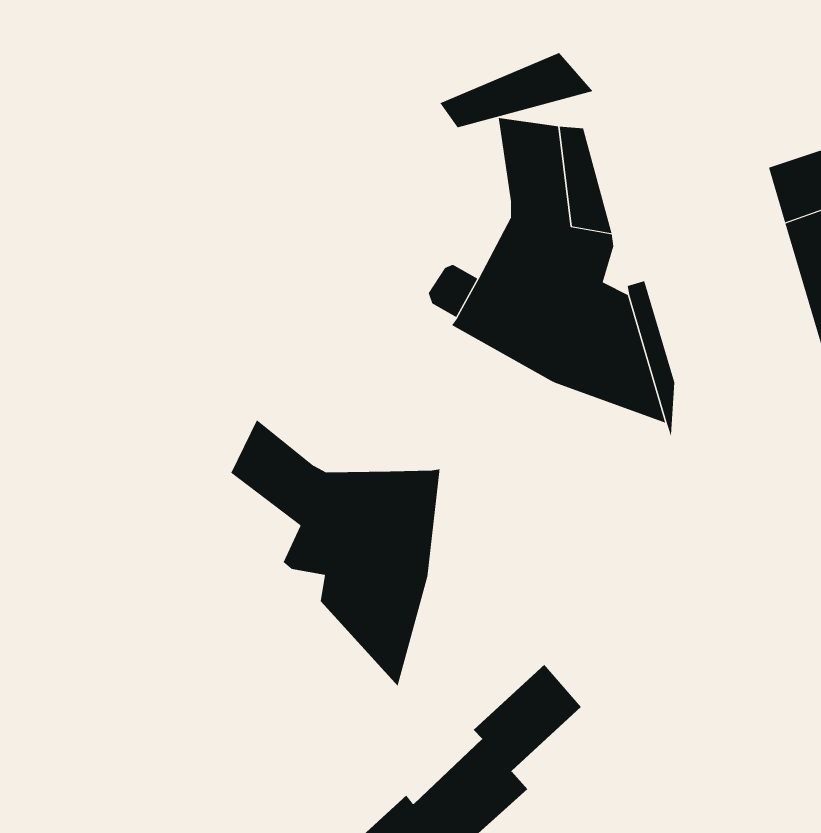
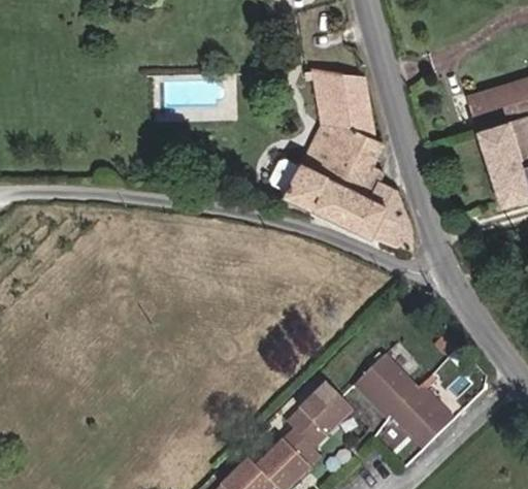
building: [439,52,594,128] -> none
building: [230,419,440,687] -> none
building: none -> [358,350,454,446]

